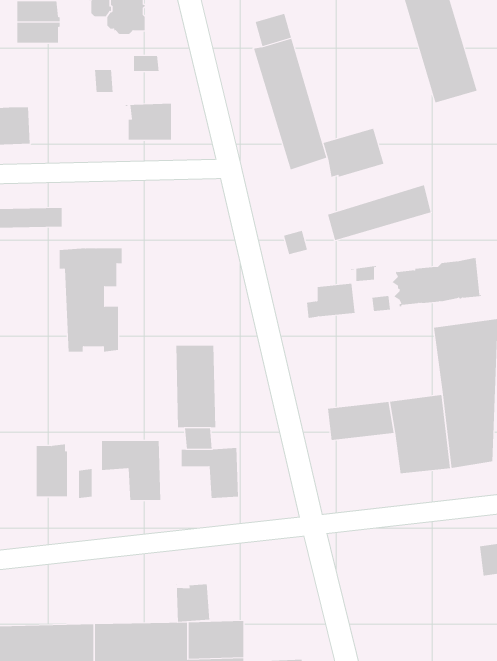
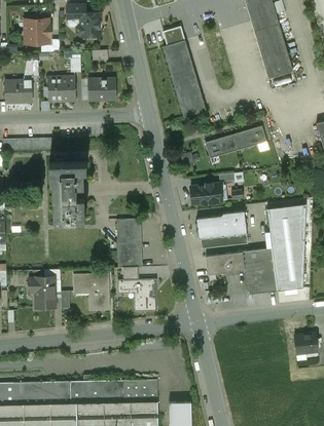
building: none -> [48,77,75,102]
building: [323,128,384,177] -> none
building: [392,258,482,307] -> [194,210,247,239]
building: [176,583,210,622] -> none

